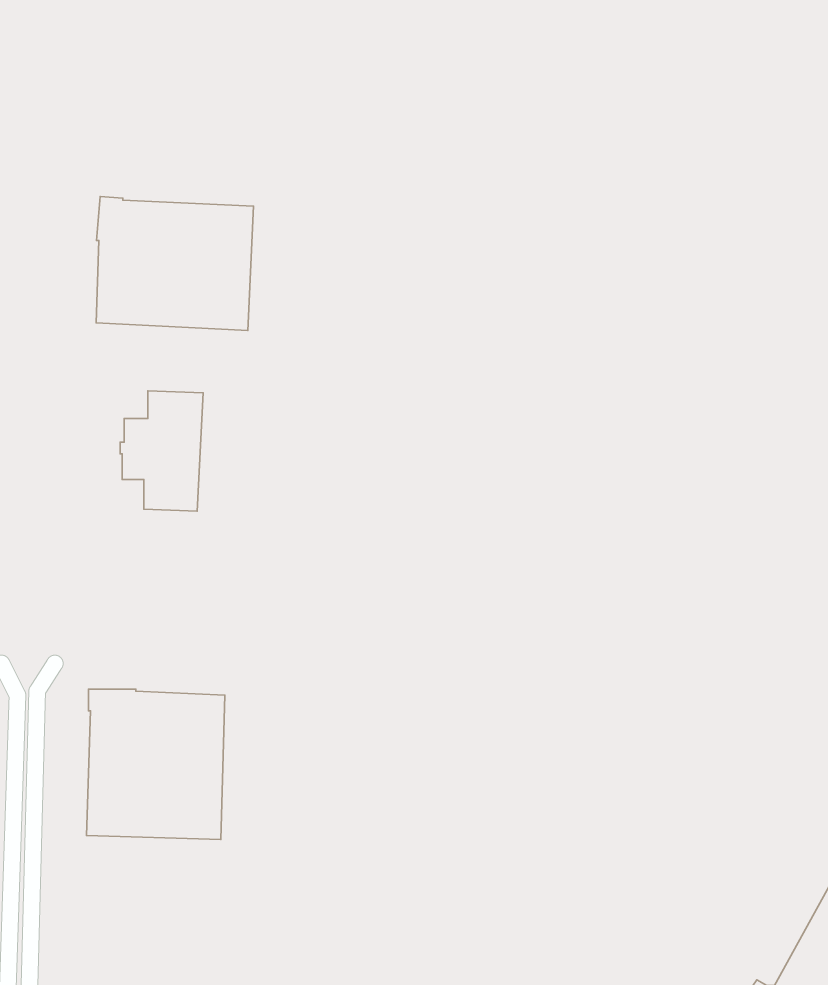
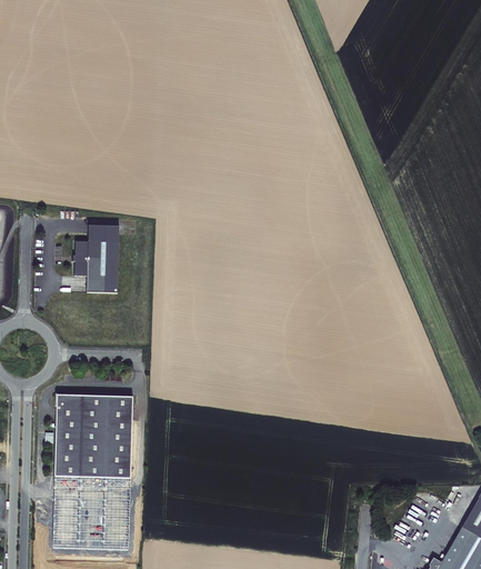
building: [96,197,254,331] -> none
building: none -> [53,476,131,550]

